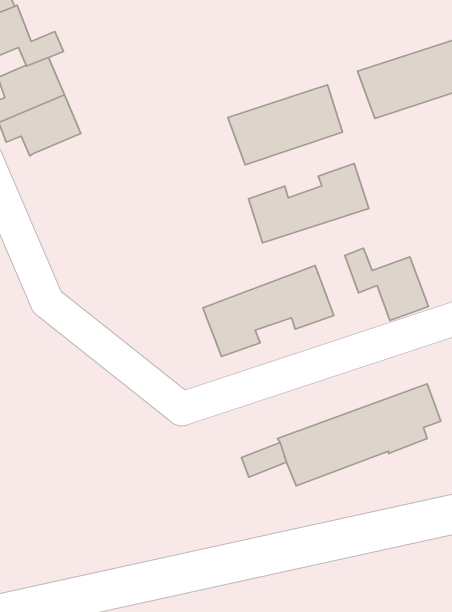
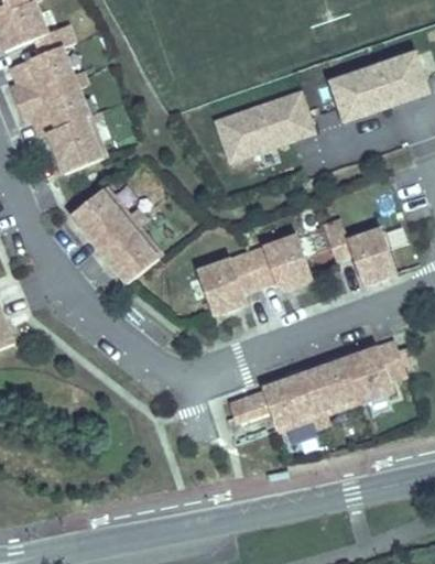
building: none -> [46,120,105,178]
building: [249,164,369,243] -> none
building: none -> [70,191,161,288]

